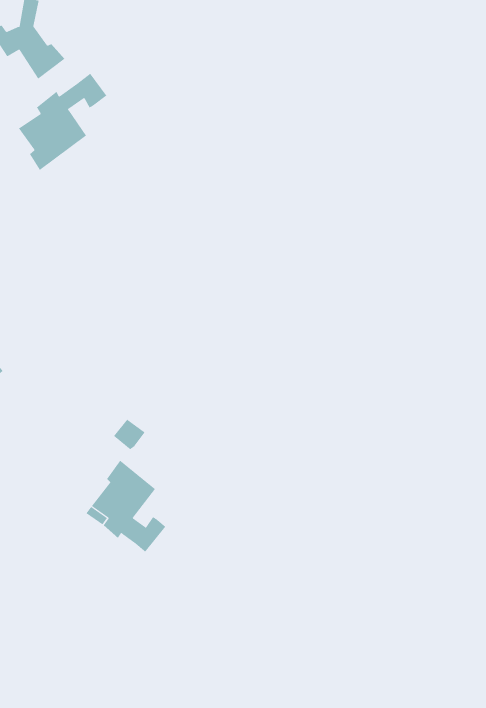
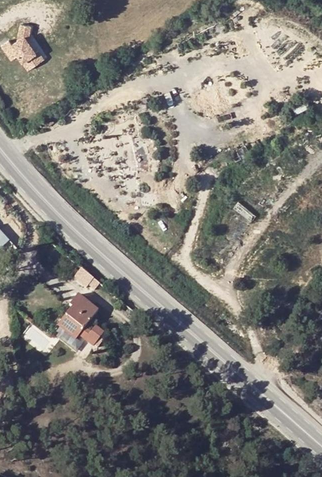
building: [18,73,107,171] -> none

